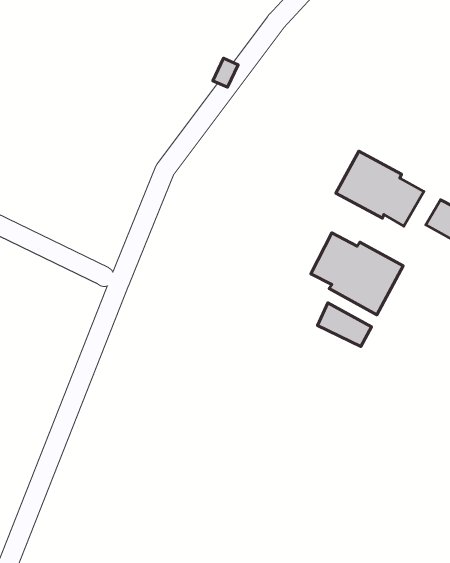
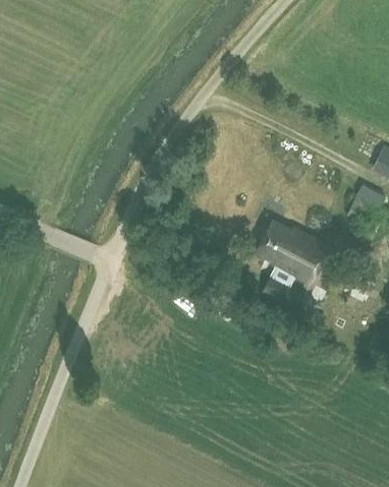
building: [336,151,424,226] -> none

